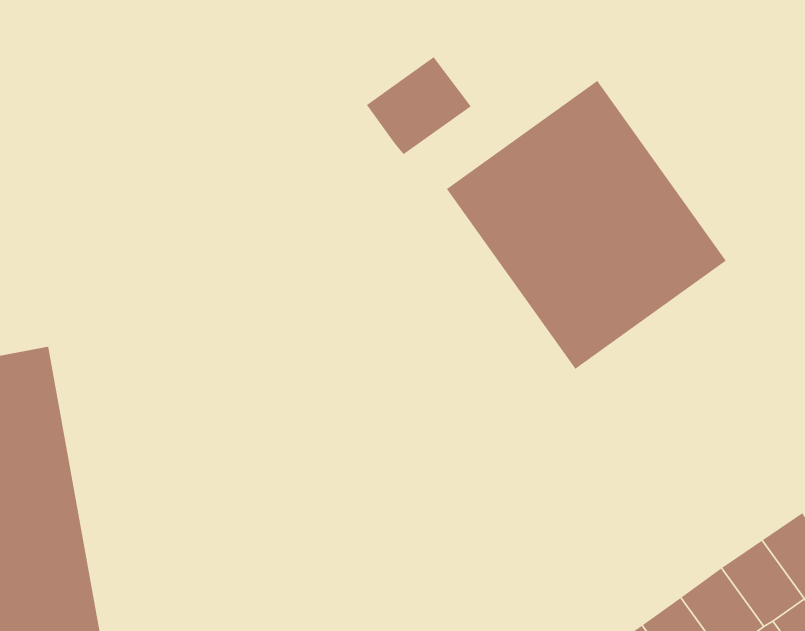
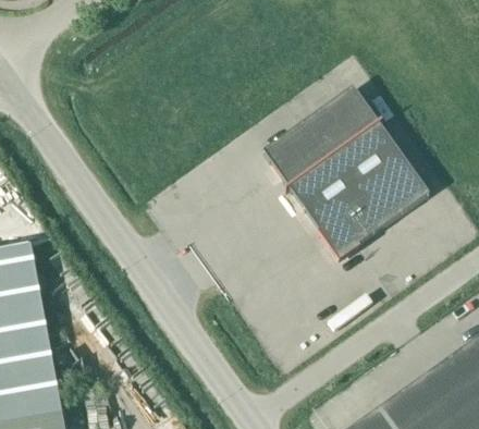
building: [366,56,472,155] -> none

